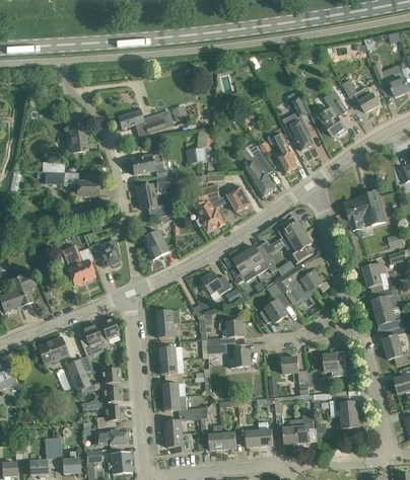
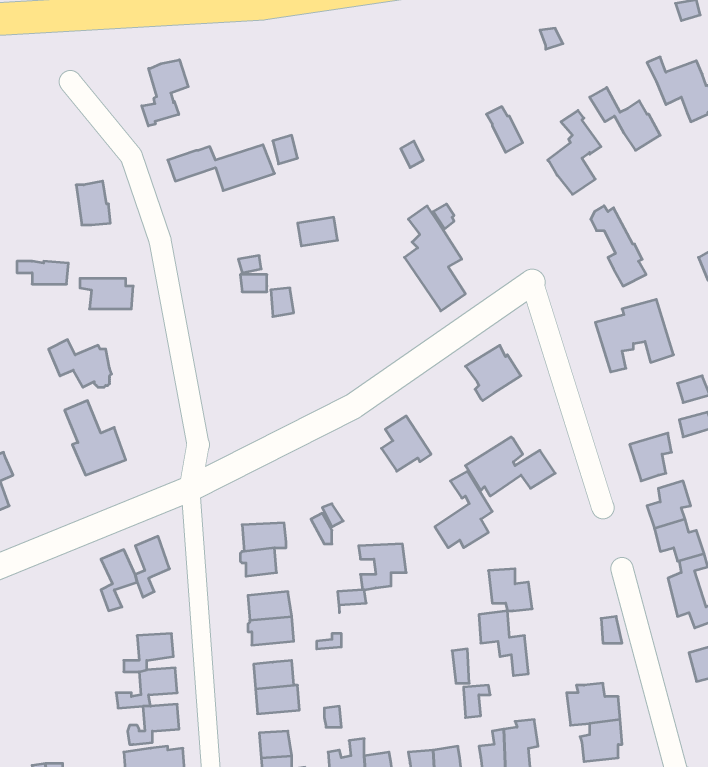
building: none -> [142,60,188,126]
building: [287,121,313,150] -> none
building: [268,131,297,173] -> [591,206,646,286]
building: [131,153,162,174] -> none
building: [136,184,170,217] -> none
building: [194,186,252,232] -> none
building: [141,230,168,259] -> none
building: [284,232,312,260] -> none
building: [86,242,120,267] -> [49,340,112,387]
building: [244,243,277,273] -> none
building: [202,272,231,295] -> none
building: [36,337,67,365] -> none
building: [227,343,250,368] -> none
building: [323,353,346,376] -> [488,569,532,611]
building: [65,359,89,391] -> none

